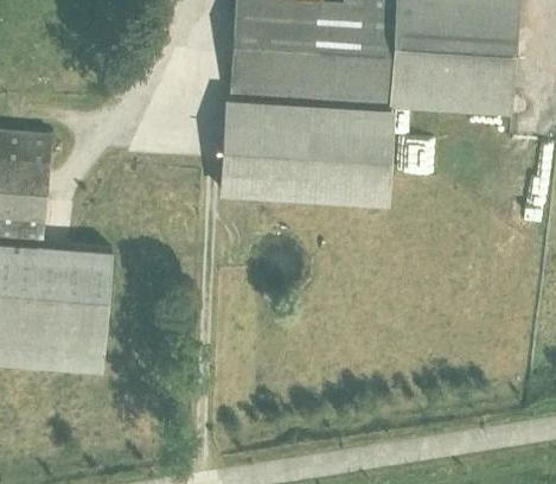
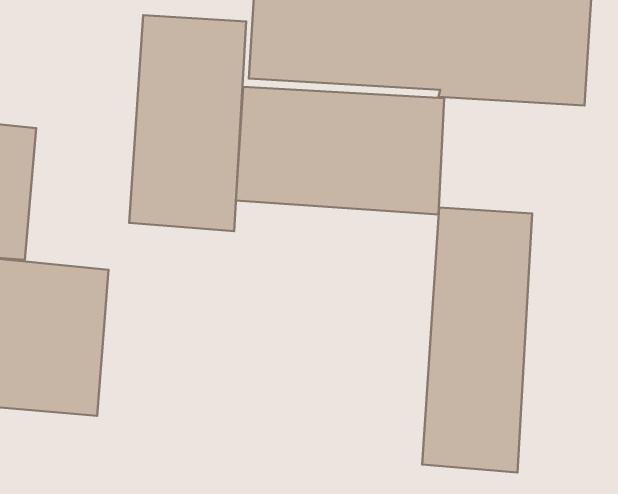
building: none -> [129,15,246,231]
building: none -> [422,208,532,472]

